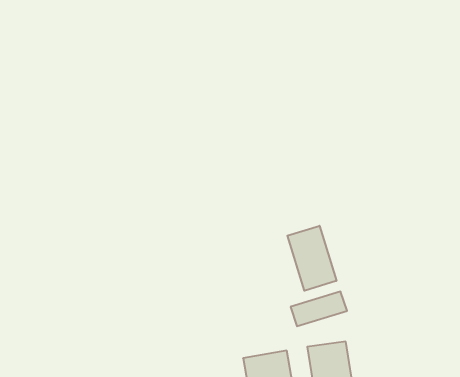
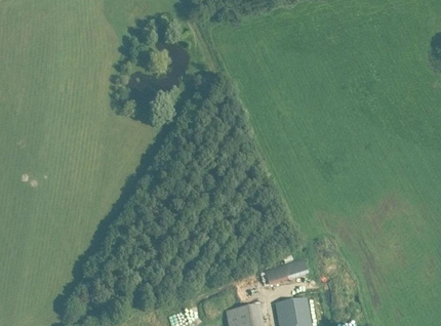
building: [287,226,336,291] -> none

